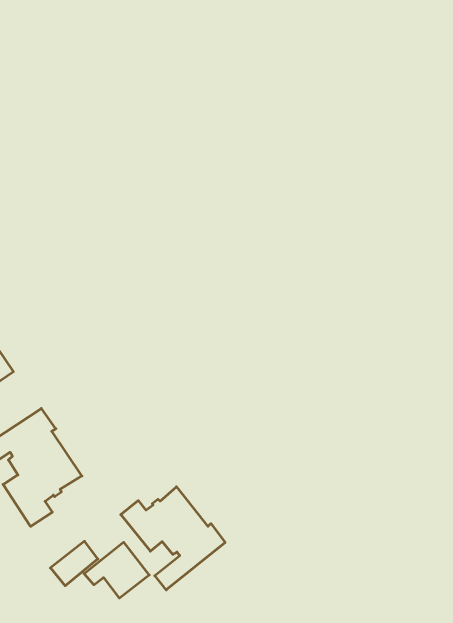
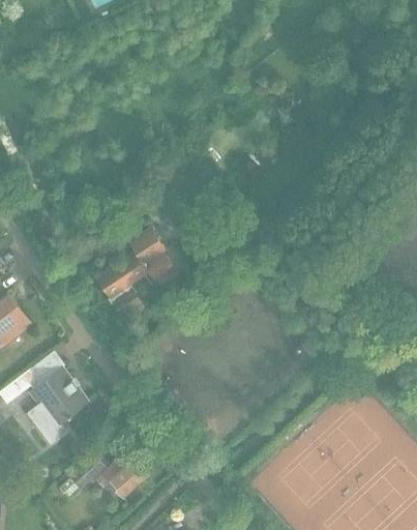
building: none -> [96,228,176,318]
building: [121,487,225,590] -> none

